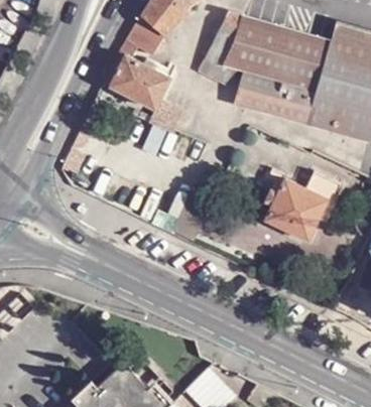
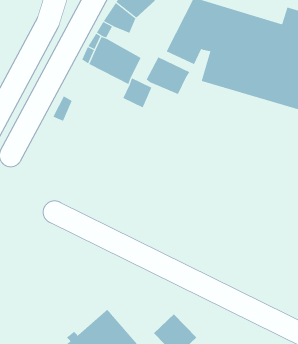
building: none -> [146,57,190,95]
building: [263,167,334,239] -> none

